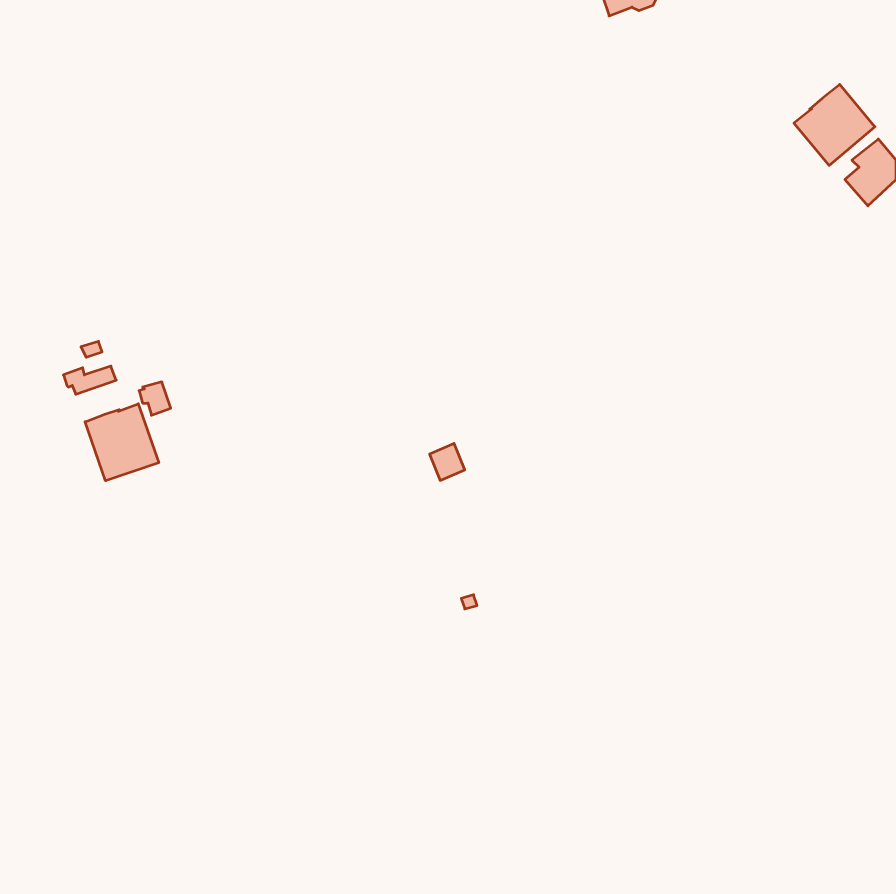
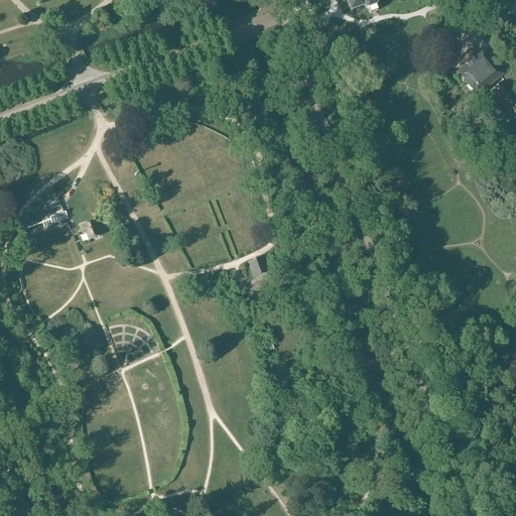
building: [85,404,159,481] -> none

